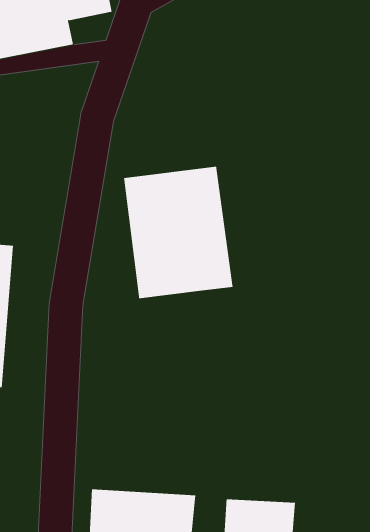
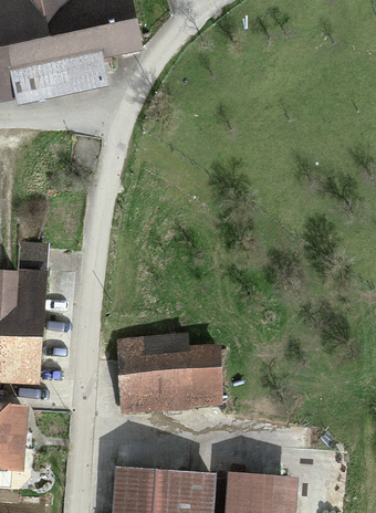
building: [123,166,233,299] -> none
building: none -> [115,336,219,412]

